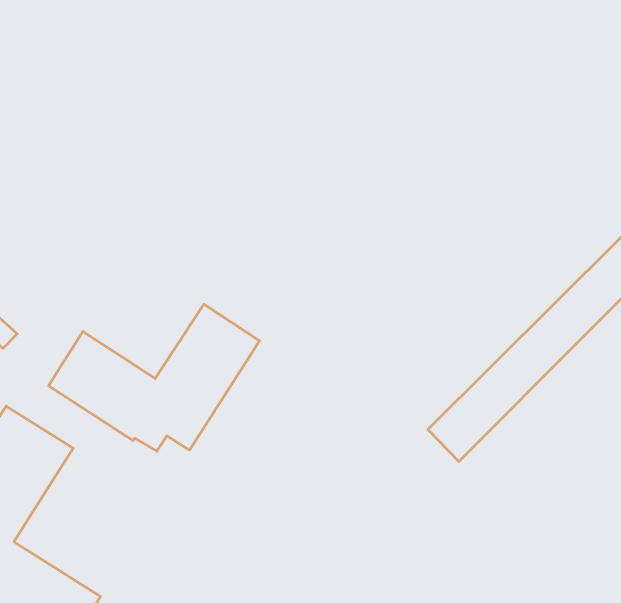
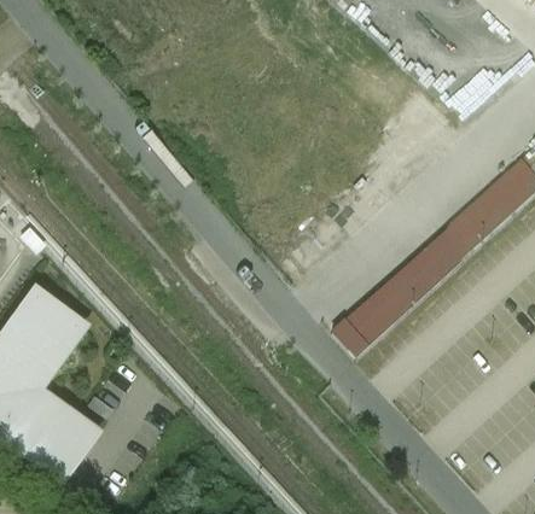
building: [49,304,260,451] -> none

